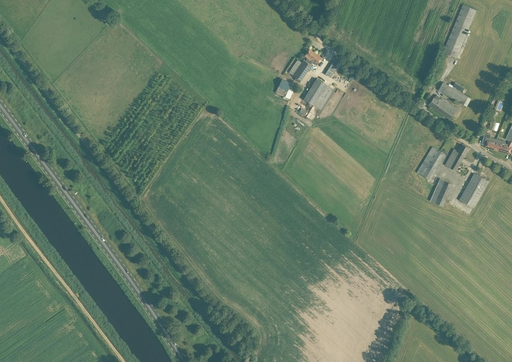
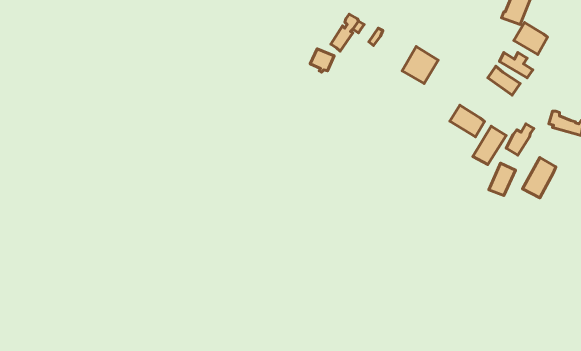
building: none -> [514,23,548,54]
building: [303,78,334,110] -> [402,46,438,83]
building: none -> [450,105,485,137]

